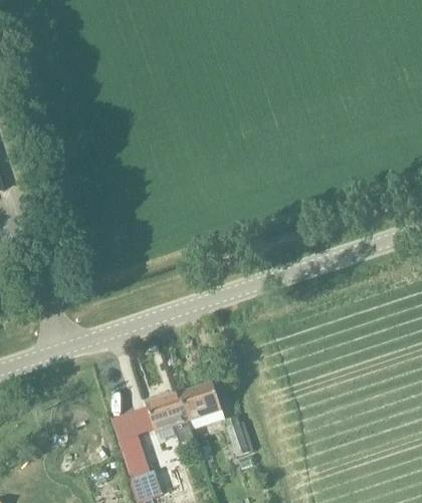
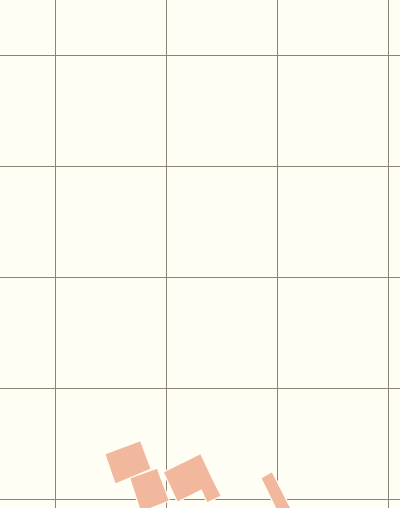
building: none -> [105,441,151,484]
building: [177,387,219,424] -> none

